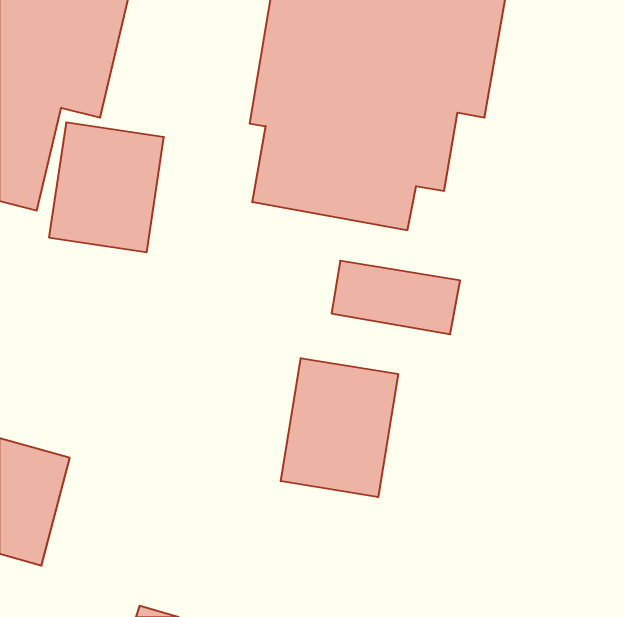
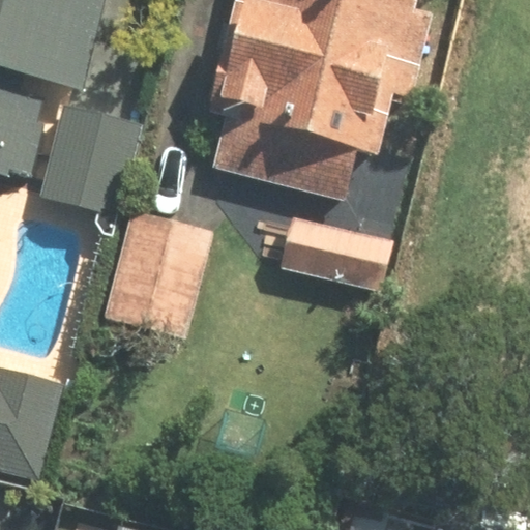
building: none -> [108,213,212,335]
building: [281,358,398,497] -> none

